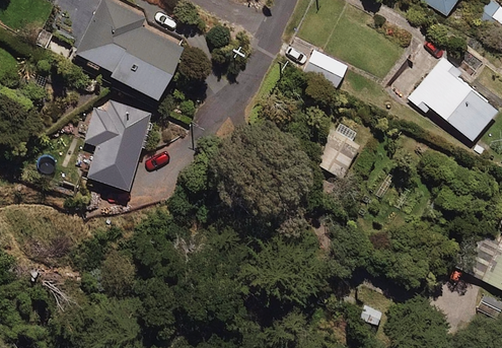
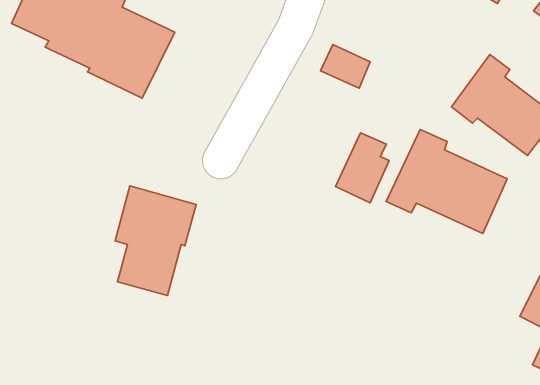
building: [89,97,155,187] -> [115,186,196,296]
building: none -> [386,129,507,233]

